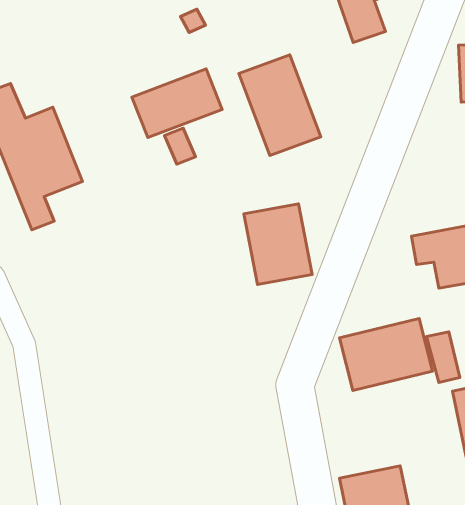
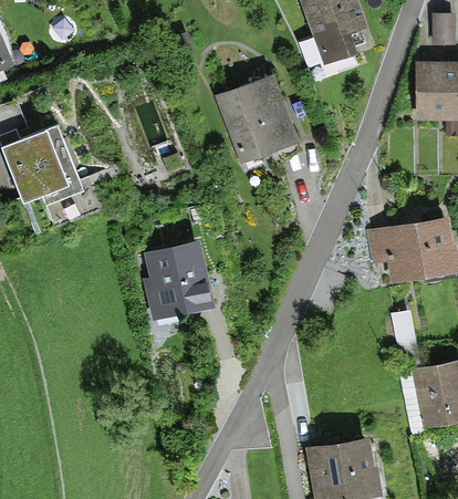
building: [132,69,222,138] -> none
building: [244,204,312,284] -> [146,243,207,315]
building: [340,319,432,390] -> none

